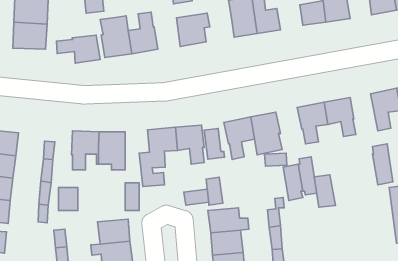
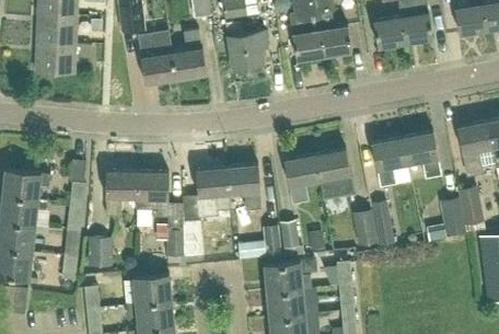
building: [56,35,100,63] -> none
building: [204,128,225,159] -> [279,219,303,255]
building: [314,175,336,207] -> [440,197,465,235]

